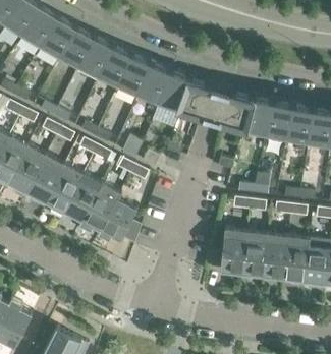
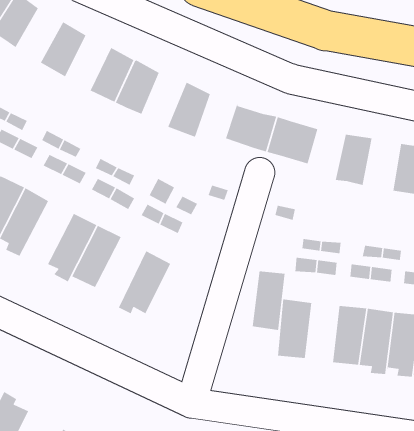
building: [21,6,57,49] -> none
building: [59,27,94,70] -> none
building: [117,55,151,98] -> none
building: [158,71,189,113] -> none
building: [241,98,272,138] -> none
building: [285,106,314,146] -> none
building: [24,154,65,206] -> none
building: [79,181,120,235] -> none
building: [241,231,267,277] -> [252,271,286,331]

